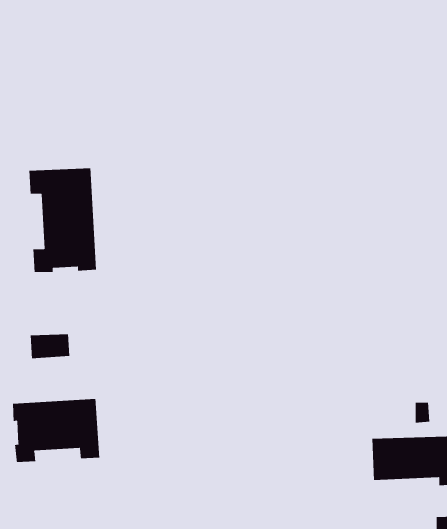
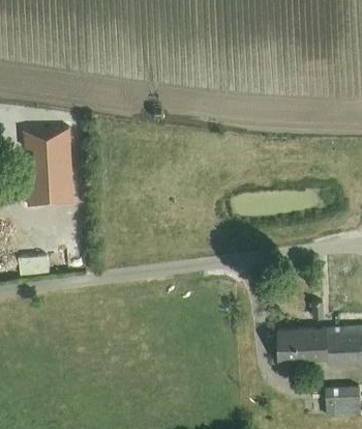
building: [12,398,100,463] -> none

